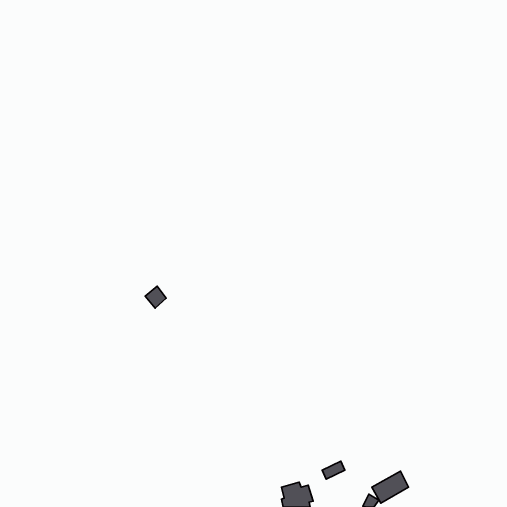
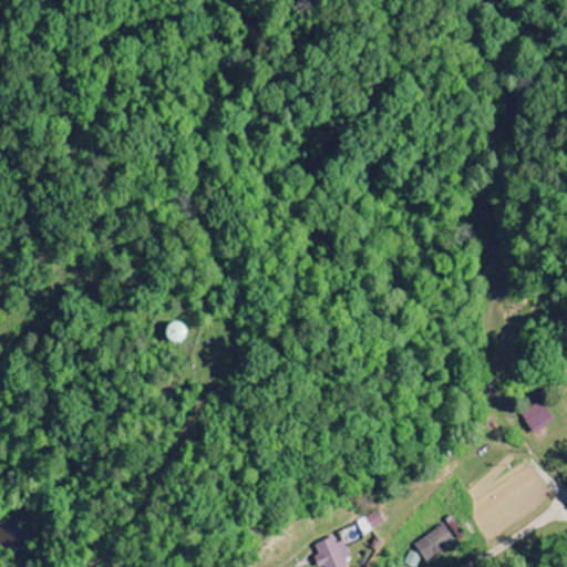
building: none -> [523,401,556,434]

